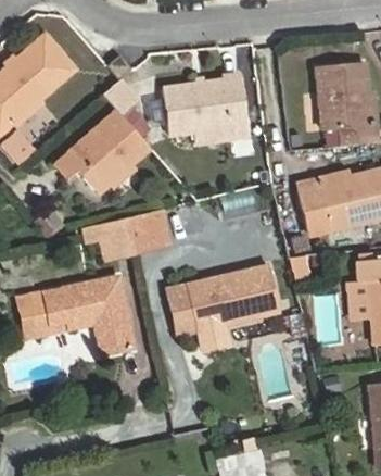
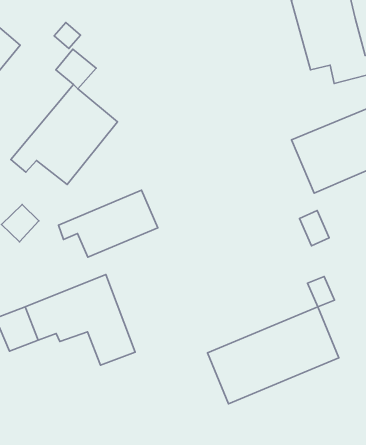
building: [162,76,250,143] -> none
building: [167,265,279,336] -> [207,307,339,404]

